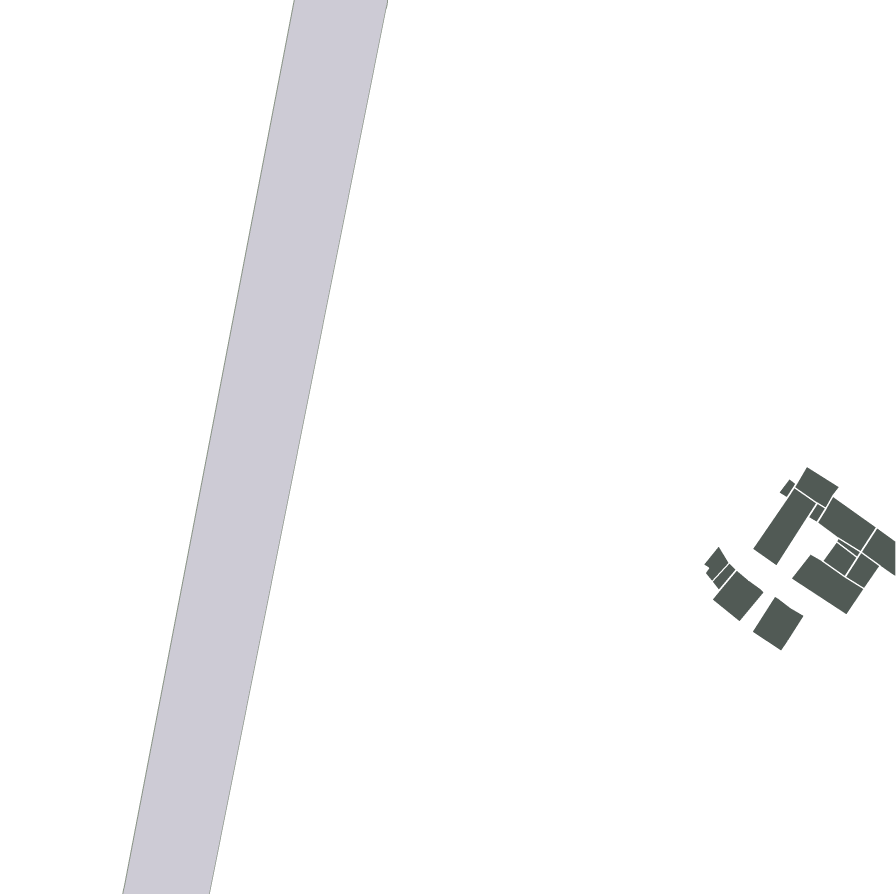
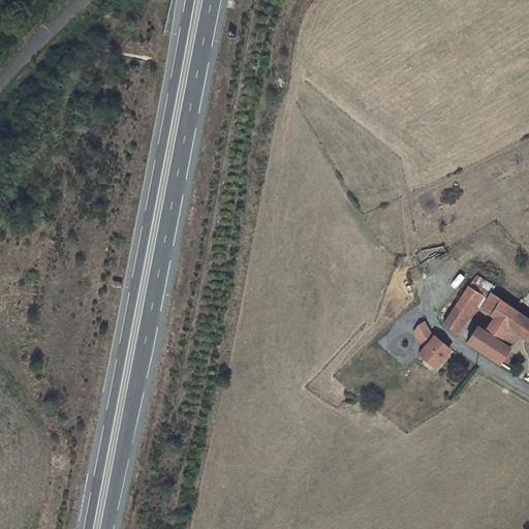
building: [752,596,804,651] -> none

